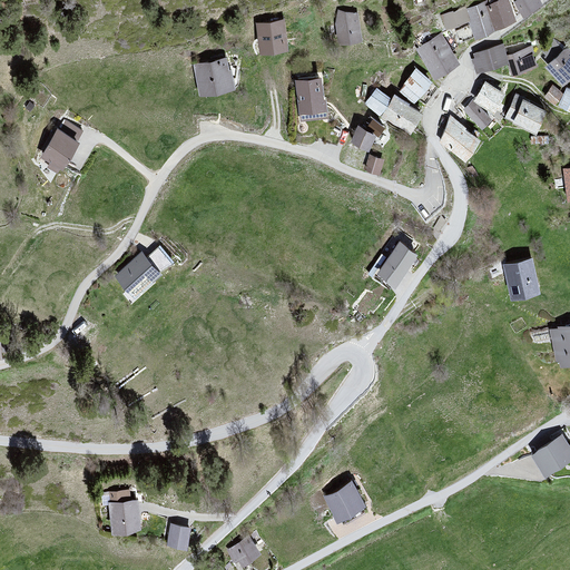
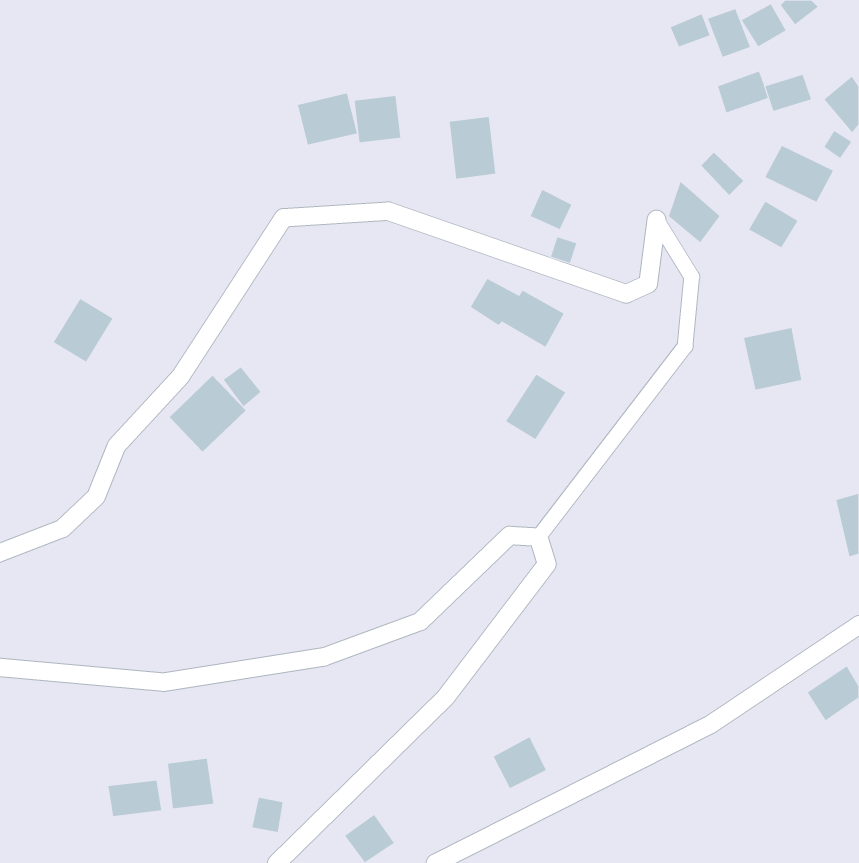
building: [333,10,361,39] -> none
building: [256,21,287,52] -> [354,96,401,143]
building: [415,37,458,80] -> none
building: [400,69,430,100] -> none
building: [473,81,507,112] -> [748,201,799,248]
building: [362,88,424,134] -> [470,278,564,347]
building: [38,130,78,173] -> [53,298,113,362]
building: [380,242,420,285] -> [505,374,566,440]
building: [501,258,540,299] -> [743,328,802,390]
building: none -> [108,780,162,817]

